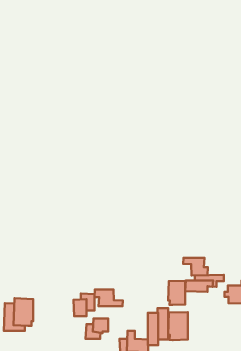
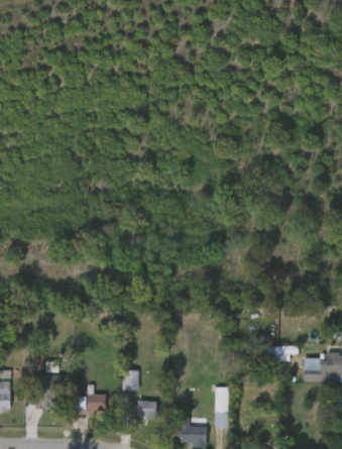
building: [183,258,208,275] -> none
building: [168,281,185,305] -> none
building: [94,289,123,306] -> none
building: none -> [75,383,105,416]
building: [168,312,188,340] -> none

